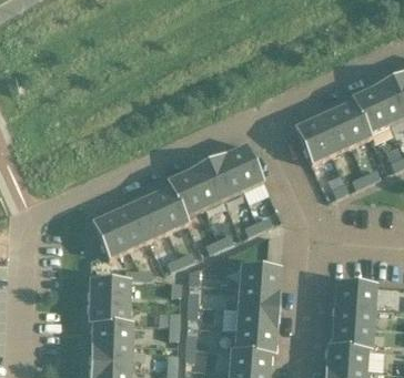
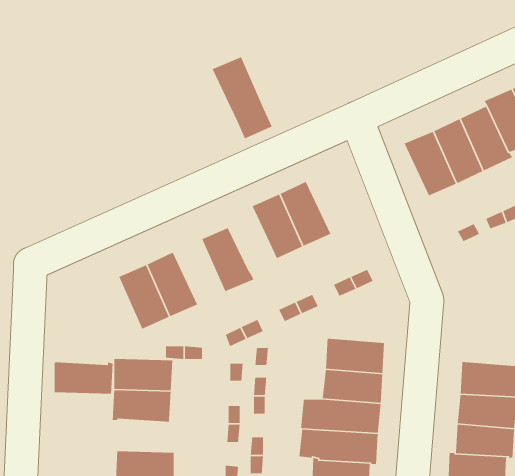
building: [226,143,270,202] -> [212,56,273,139]
building: [168,170,205,216] -> none
building: [132,193,169,239] -> none
building: [92,320,134,344] -> [54,361,113,394]

